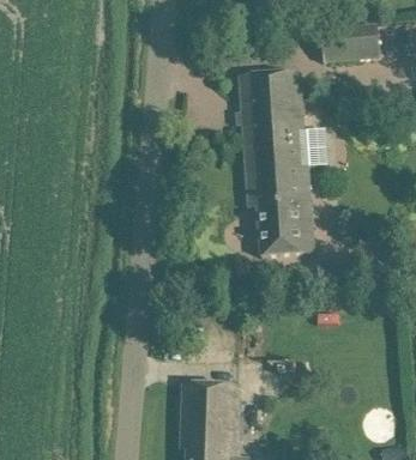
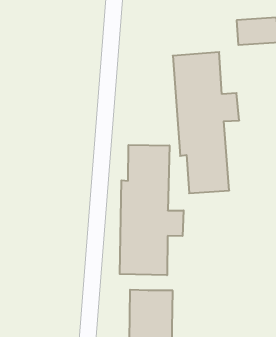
building: none -> [120,145,184,275]

